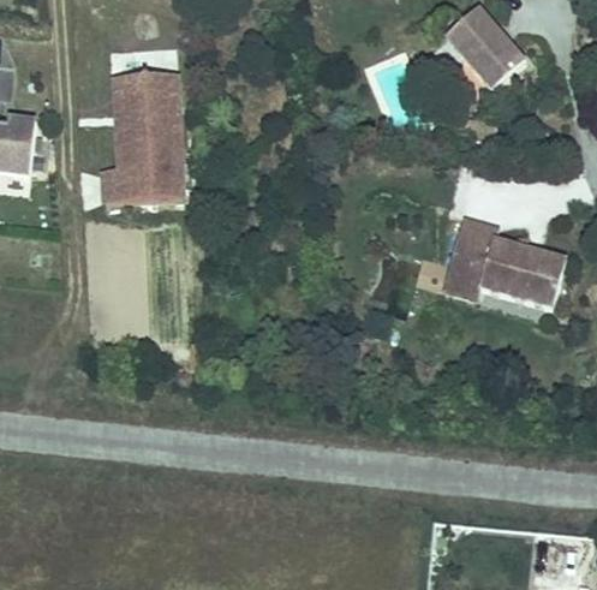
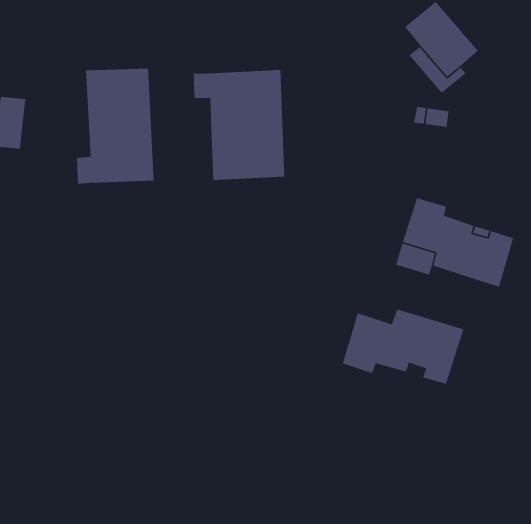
building: none -> [193,69,285,181]
building: none -> [342,308,465,385]

